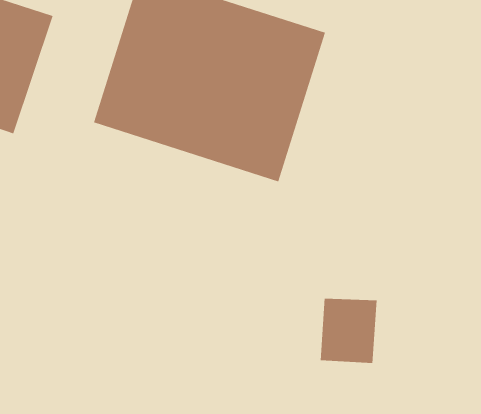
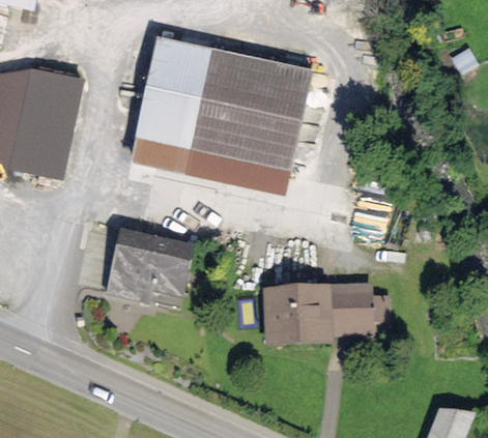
building: none -> [109,229,196,300]
building: none -> [263,284,334,344]

